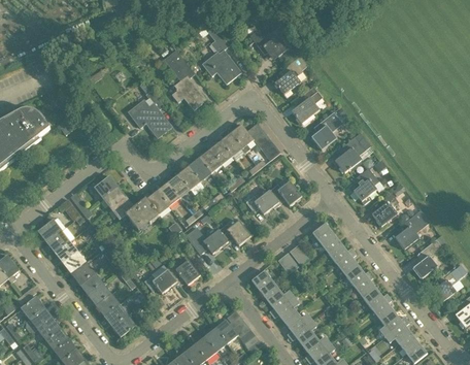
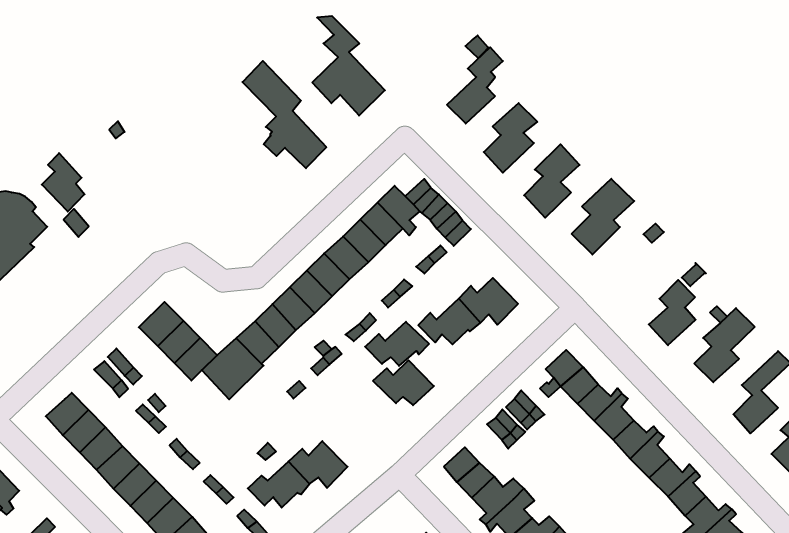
building: [249,29,288,60] -> none
building: none -> [42,153,85,212]
building: [127,90,171,137] -> none
building: [352,167,383,203] -> none
building: [194,229,229,253] -> [365,322,429,366]

